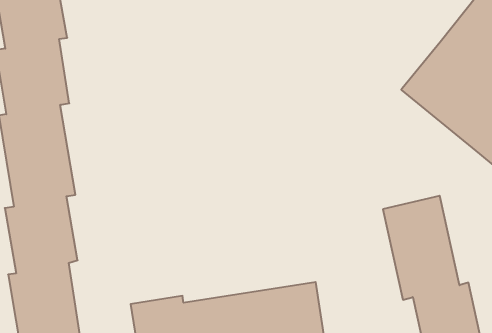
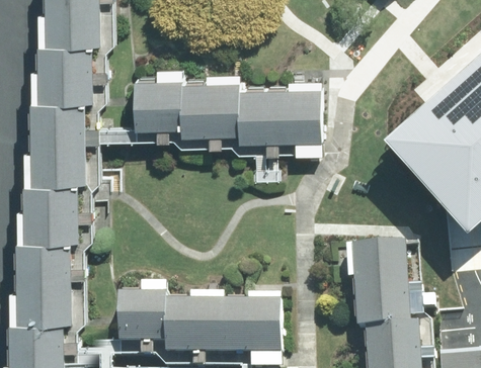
building: none -> [134,84,324,148]

